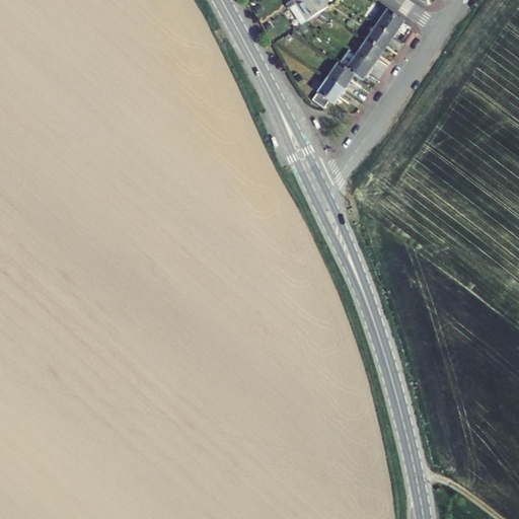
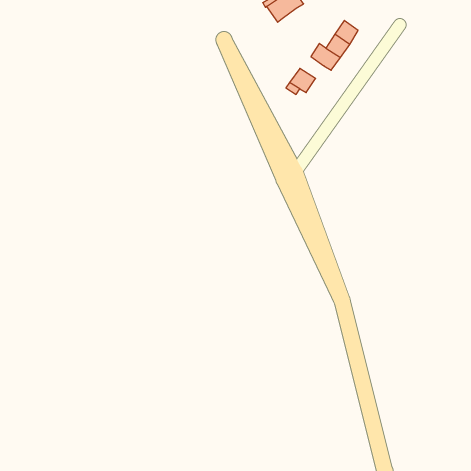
building: [372,4,403,33] -> none
building: [328,60,355,86] -> none

